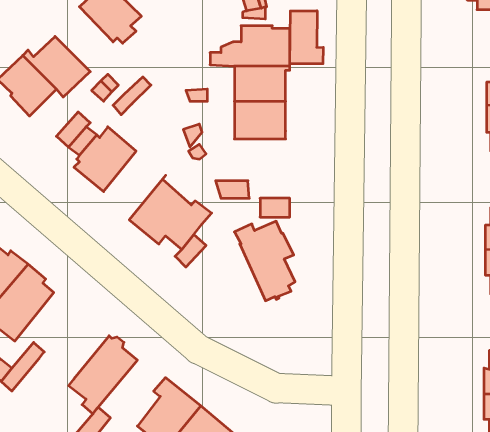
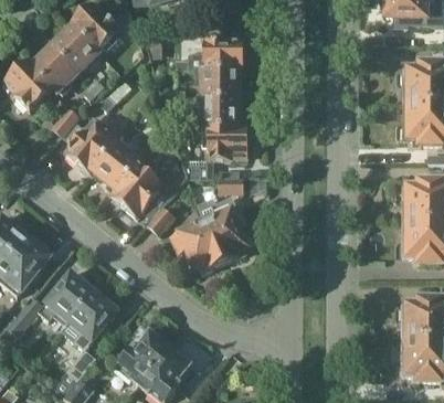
building: none -> [50,21,101,74]
building: [290,11,323,64] -> none
building: none -> [207,123,247,159]
building: none -> [89,139,140,195]
building: none -> [171,215,222,273]
building: none -> [38,272,94,326]

